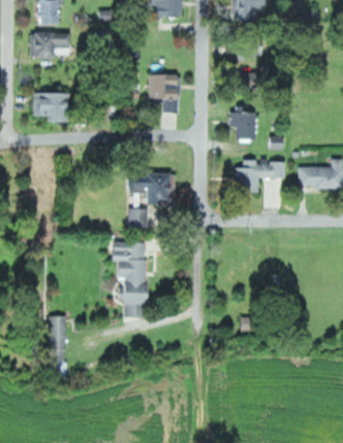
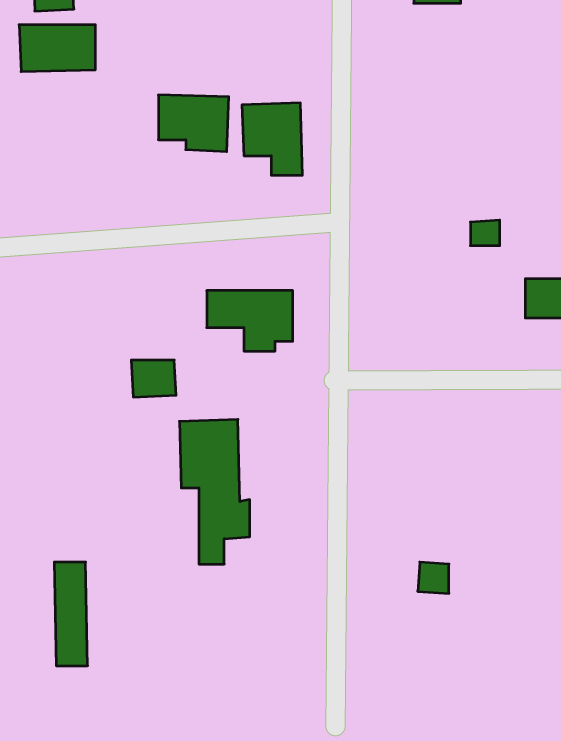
building: [32,93,69,123] -> [158,95,229,152]
building: [229,113,254,140] -> none
building: [232,160,284,193] -> none
building: [125,209,149,228] -> [131,360,176,397]

